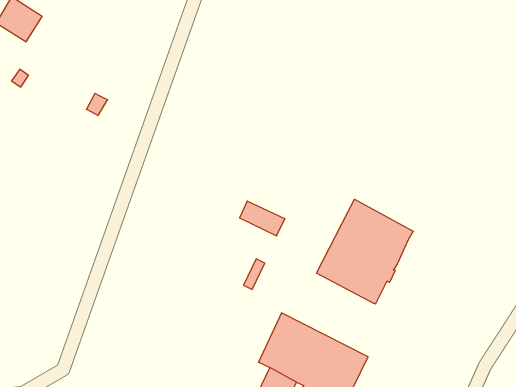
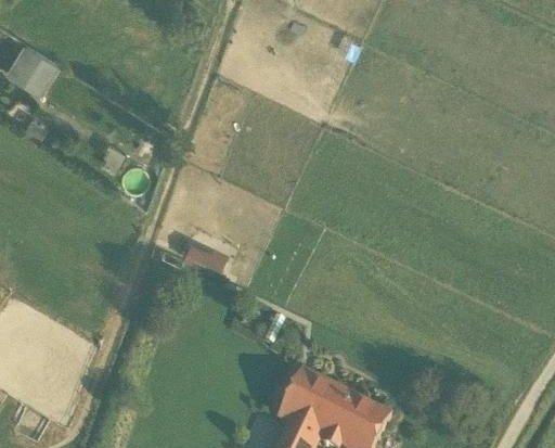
building: [317,199,413,304] -> none
building: [240,201,285,236] -> [182,239,229,274]

